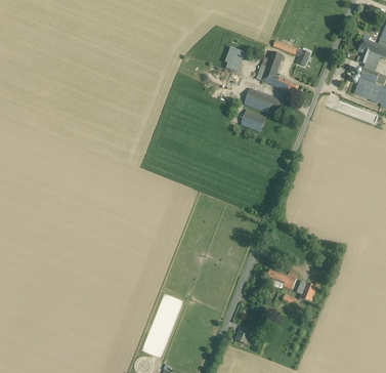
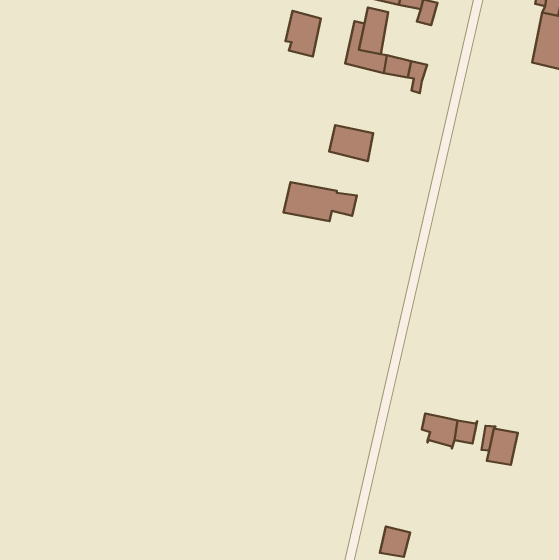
building: [244,88,284,112] -> [283,182,357,221]

